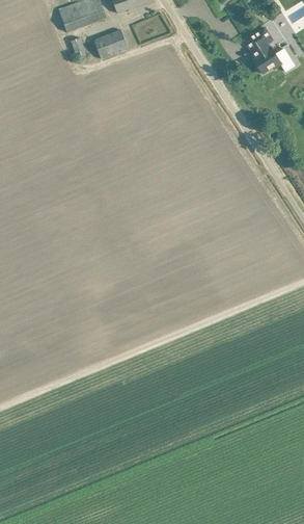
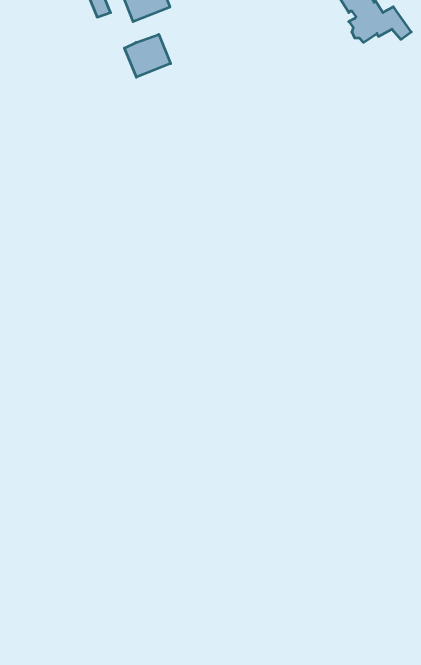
building: none -> [124,34,171,77]

